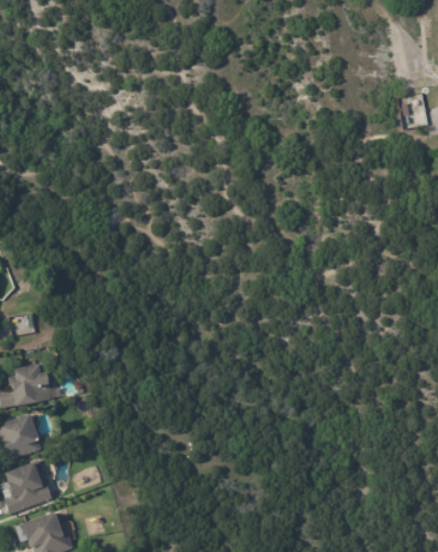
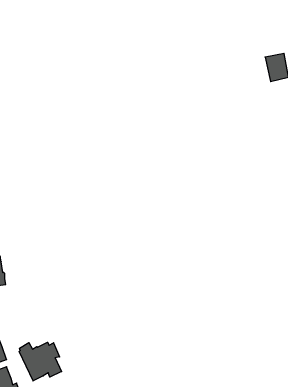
building: none -> [19,342,62,381]

